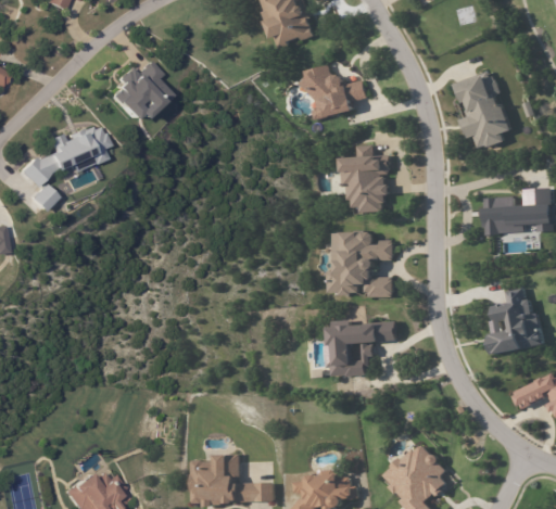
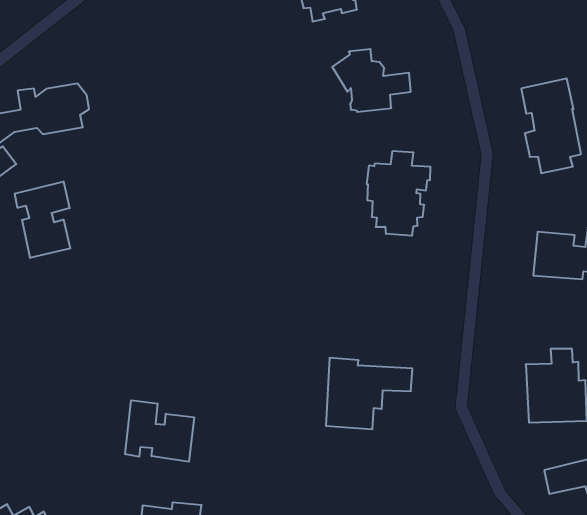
building: [103,60,167,124] -> none
building: none -> [15,182,70,258]
building: [328,230,393,296] -> none
building: none -> [125,400,194,462]

